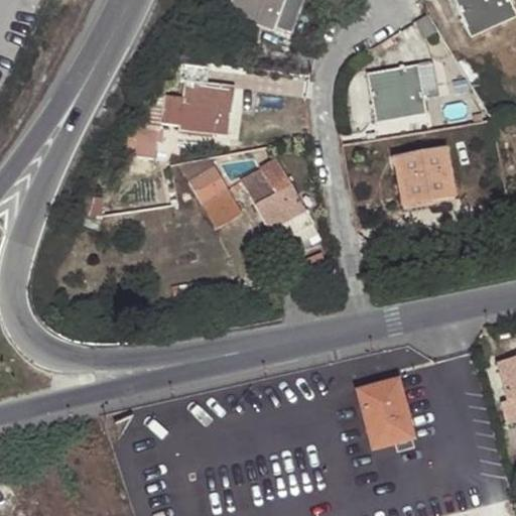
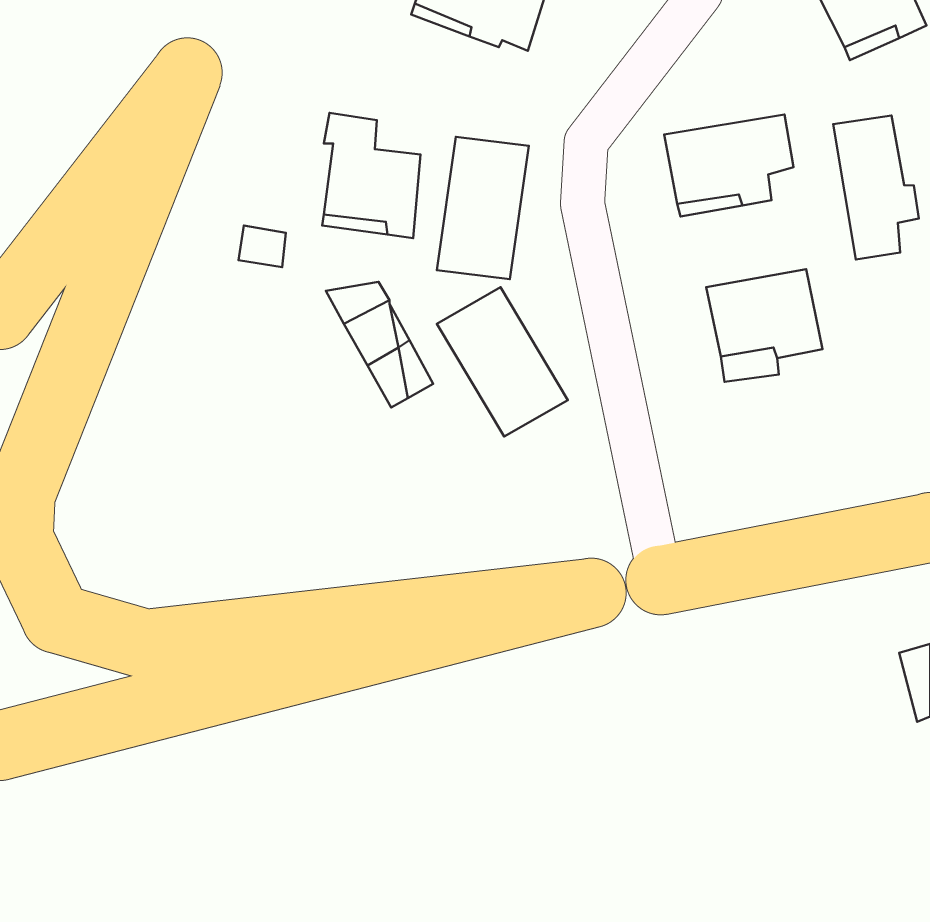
building: none -> [833,116,919,260]
building: none -> [437,137,529,279]
building: [351,379,414,448] -> none

